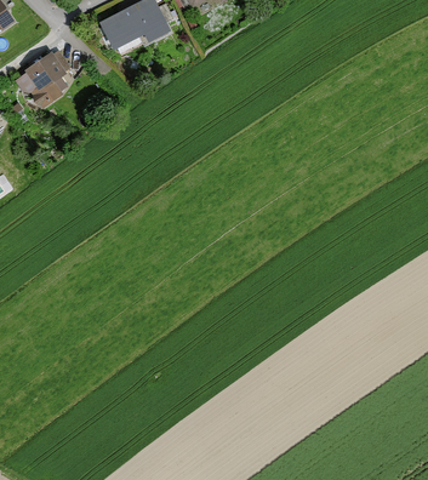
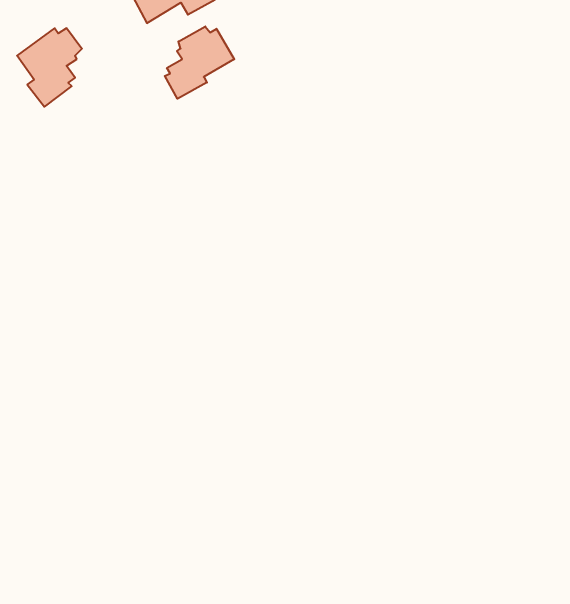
building: none -> [165,26,234,99]

